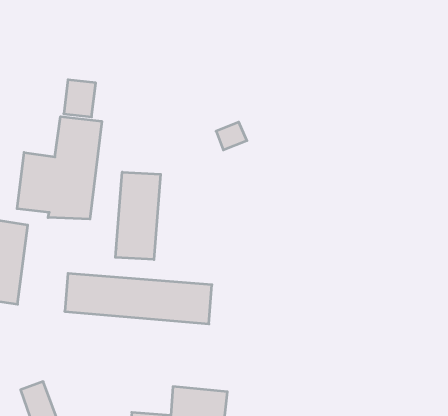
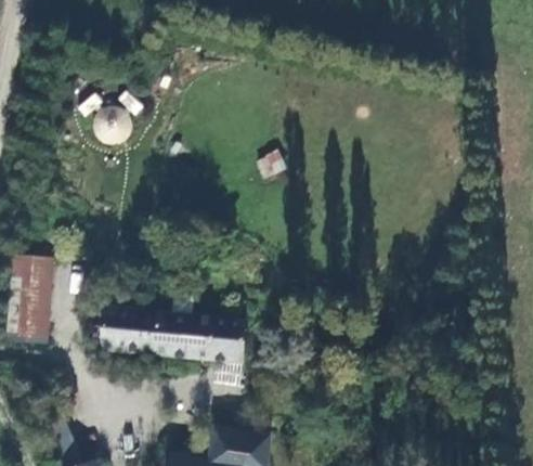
building: [17,117,102,219] -> none
building: [115,172,161,260] -> none

